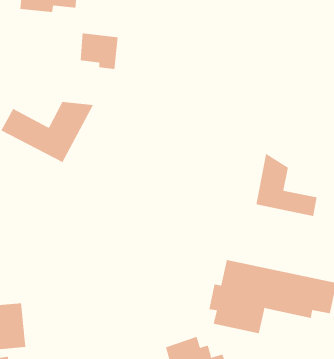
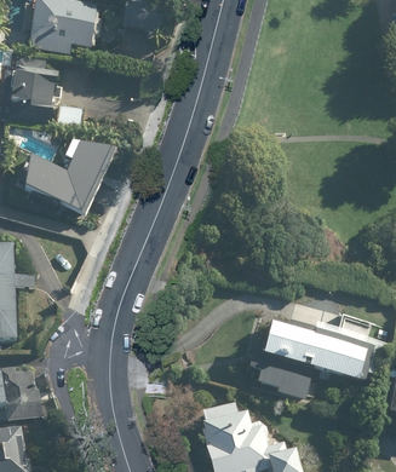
building: [80,33,119,70] -> [17,69,59,109]
building: [256,153,317,217] -> none

